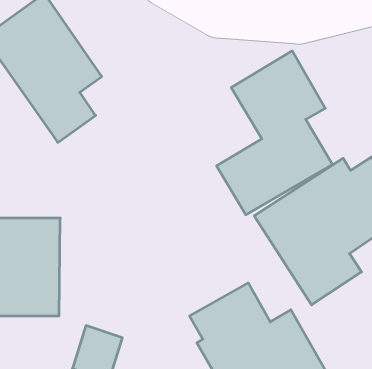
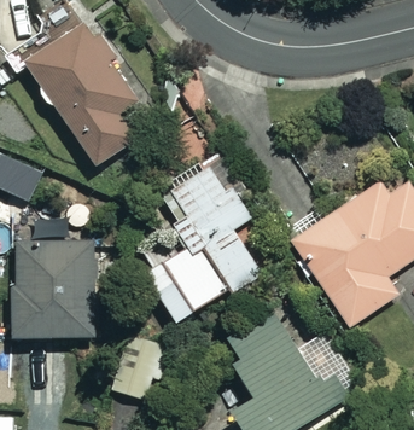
building: [217,51,333,215] -> [145,159,260,321]

